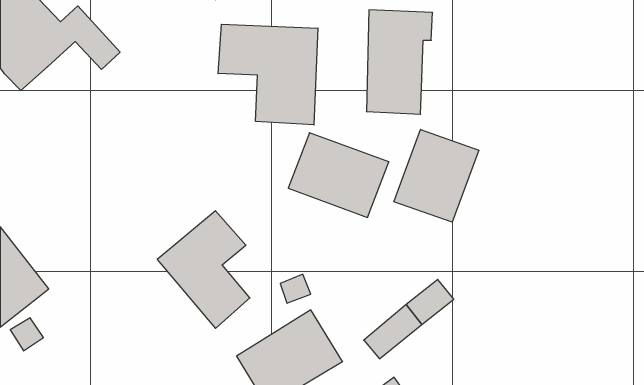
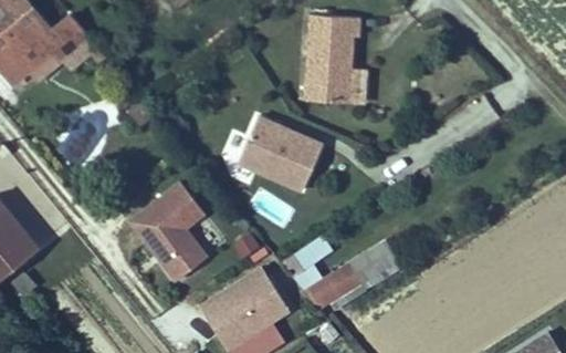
building: [218,24,318,125] -> none
building: [394,129,479,222] -> none

